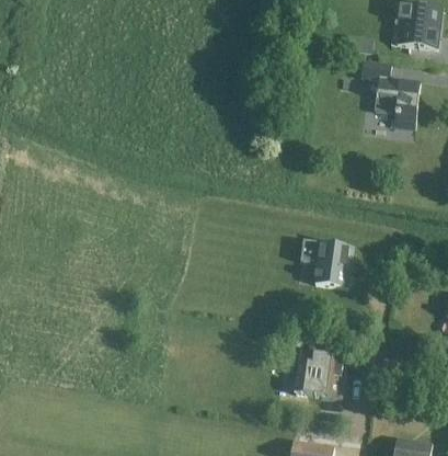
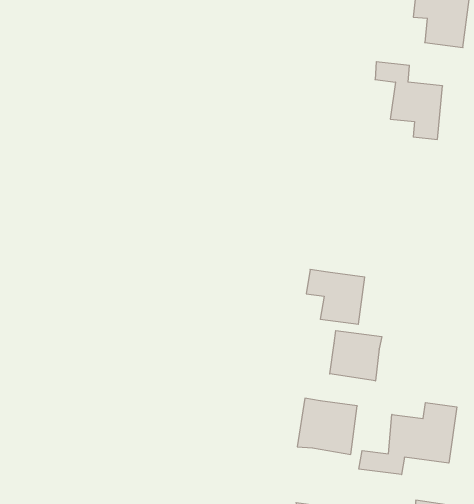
building: none -> [330,331,382,381]
building: none -> [359,403,457,475]

